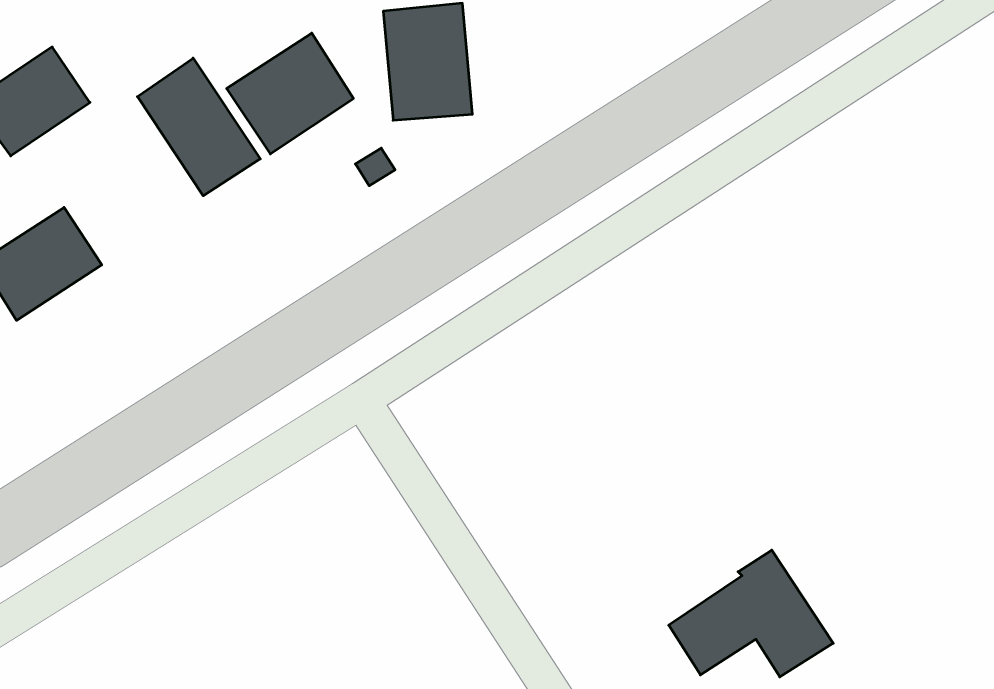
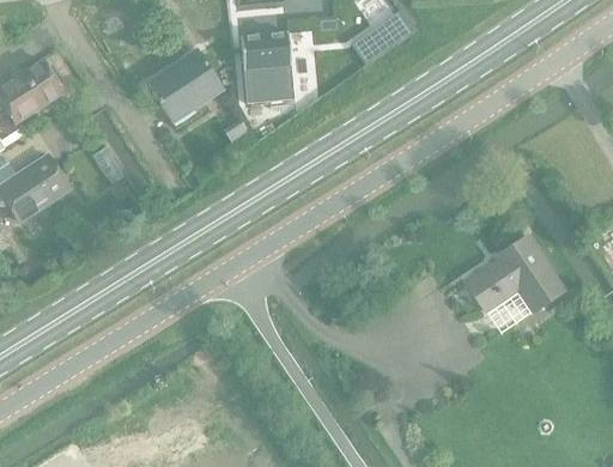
building: [137,58,260,196] -> none
building: [669,550,833,677] -> [467,232,566,309]

